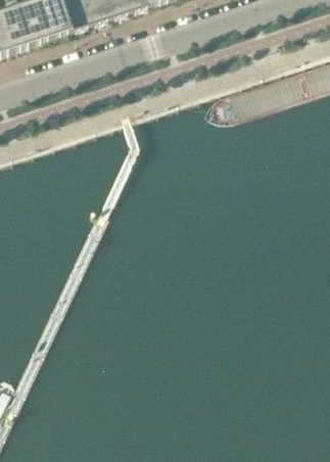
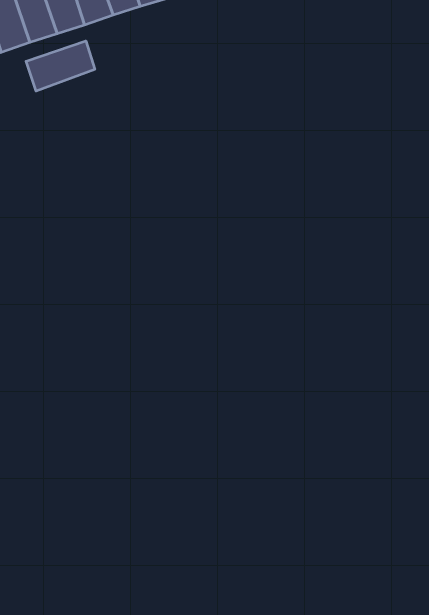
building: none -> [26,41,95,91]

